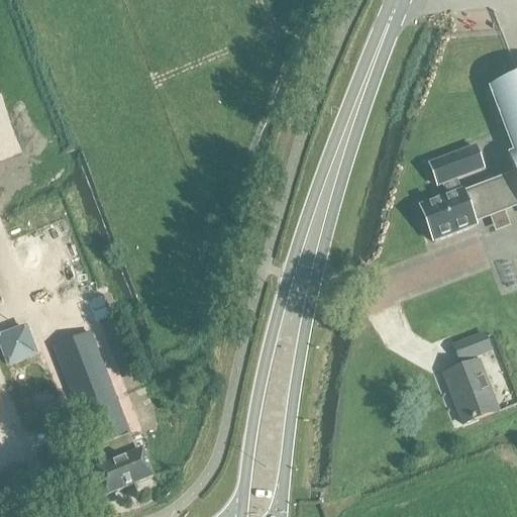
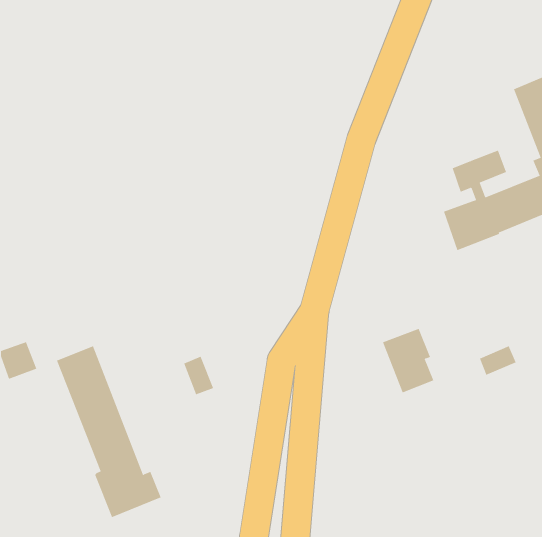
building: none -> [184,356,214,395]
building: [445,357,495,419] -> [382,328,434,393]

